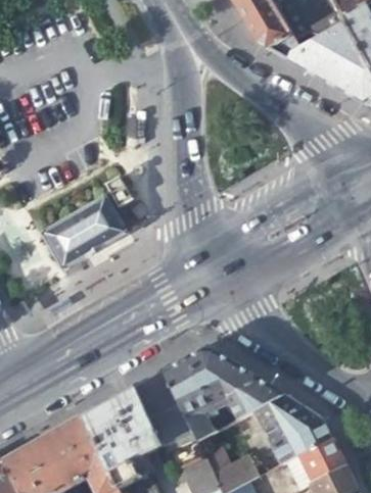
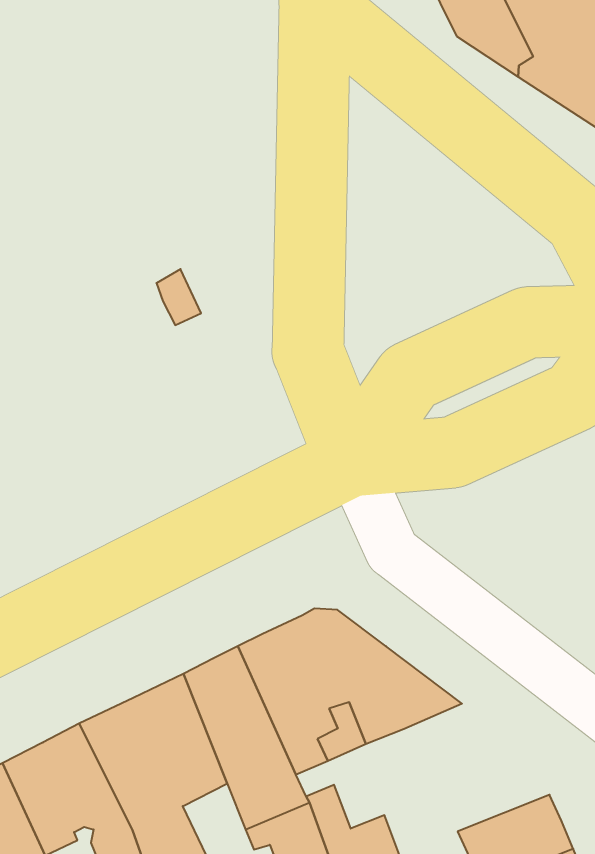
building: [44,194,129,267] -> none
building: [253,392,332,461] -> none

